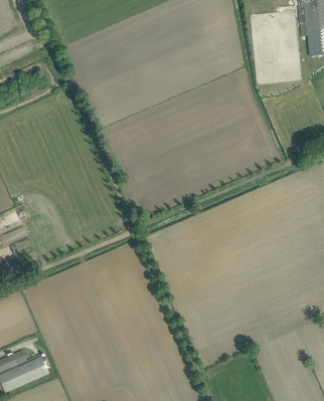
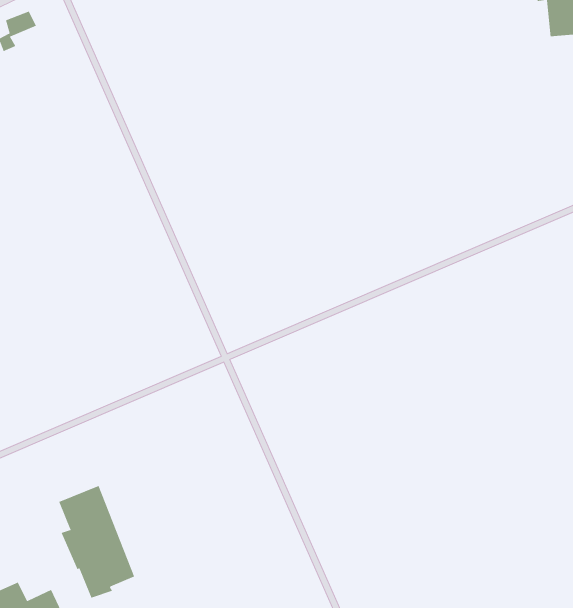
building: none -> [59,485,135,599]

